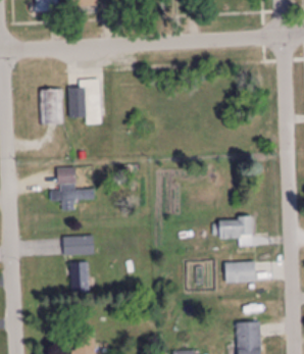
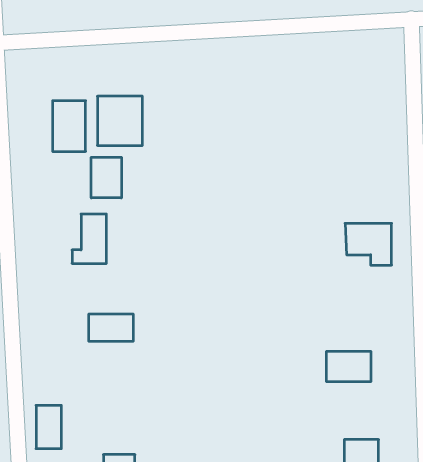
building: none -> [91,157,121,198]
building: [220,216,252,245] -> [345,223,392,265]
building: [71,261,89,291] -> [36,405,61,449]

